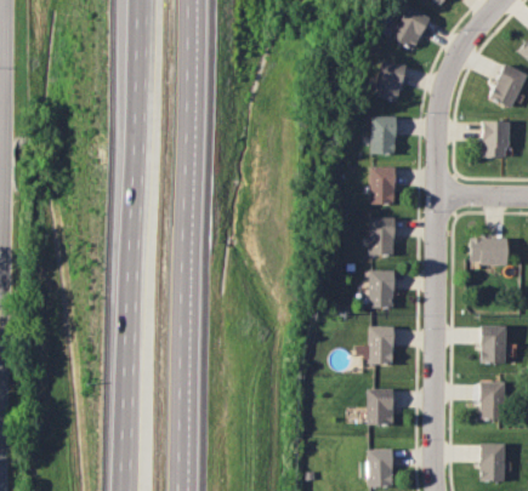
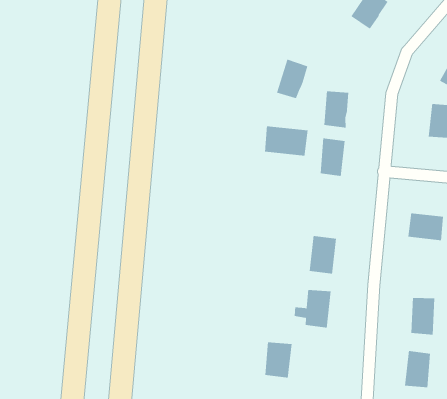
building: [375,59,407,101] -> [276,59,308,99]
building: none -> [264,125,308,157]
building: [370,218,396,255] -> none
building: [368,389,394,426] -> [265,342,292,378]

